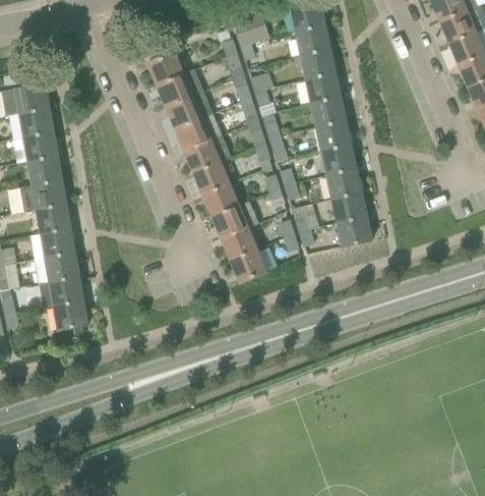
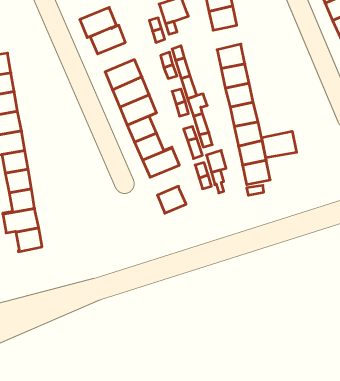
building: [300,49,335,79] -> none
building: [157,69,202,107] -> [80,7,117,38]
building: none -> [262,131,297,158]
building: [222,223,258,261] -> none

